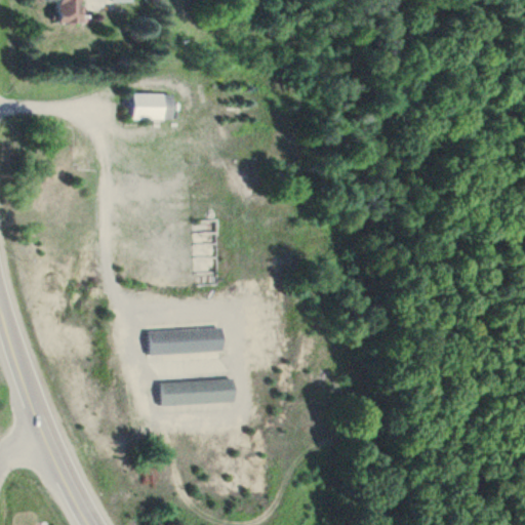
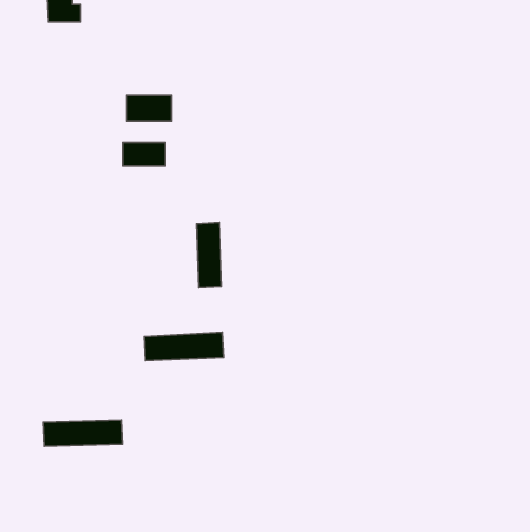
building: none -> [123,143,165,166]
building: [158,378,236,404] -> [43,420,123,446]

